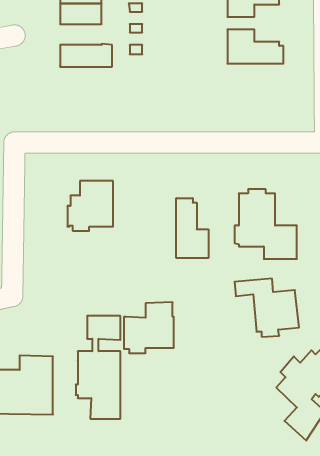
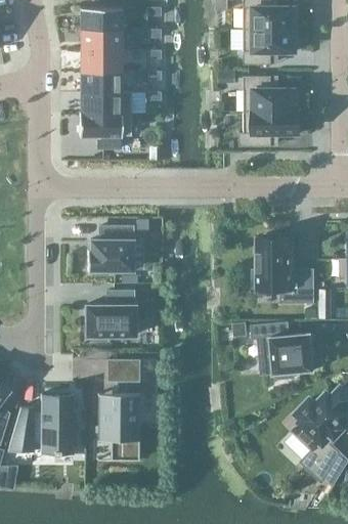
building: none -> [81,71,122,91]
building: none -> [241,110,301,145]
building: none -> [80,112,132,148]
building: [176,198,208,258] -> none
building: [124,302,174,353] -> [86,290,135,340]

